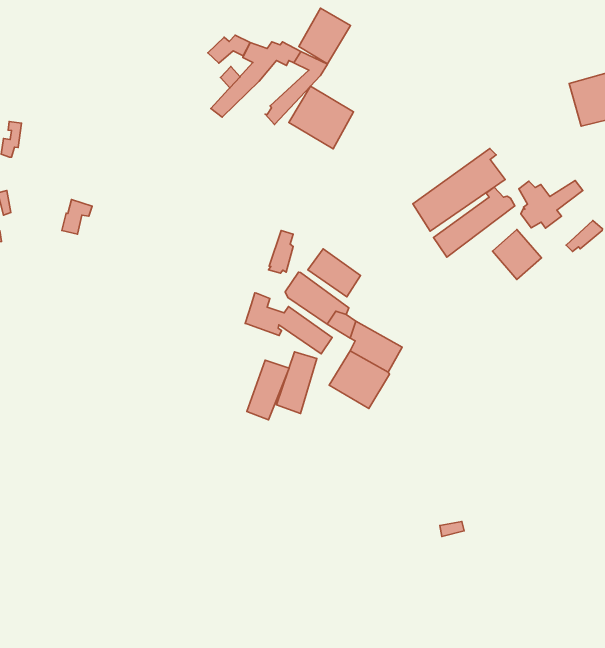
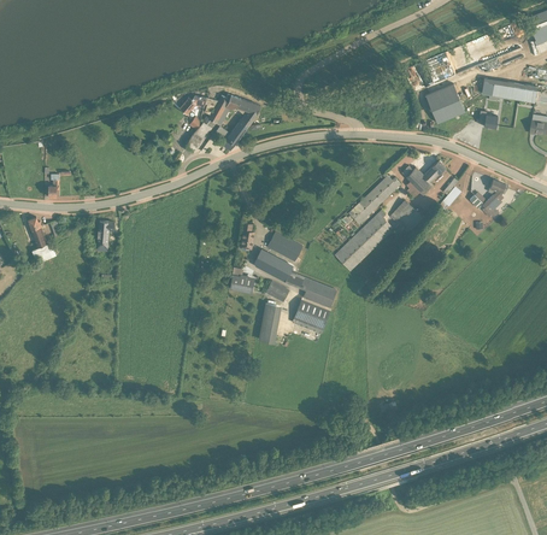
building: [299,8,351,64] -> none
building: [289,86,353,149] -> none
building: [413,149,505,231] -> [334,210,394,271]
building: [247,360,289,420] -> none

